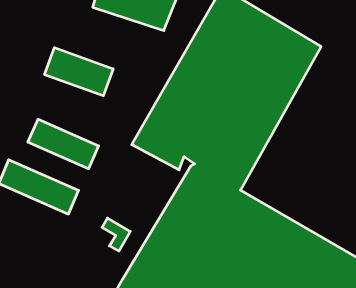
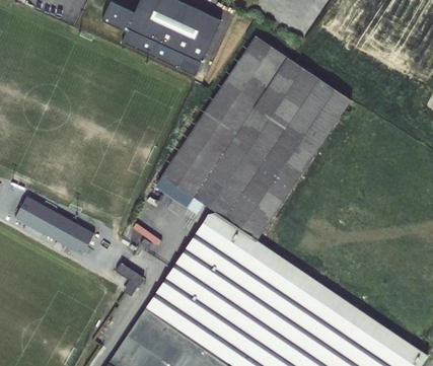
building: [45,48,113,96] -> none
building: [28,119,99,169] -> none

